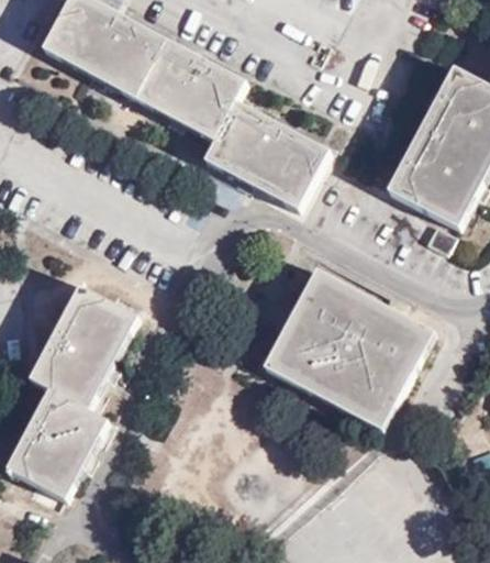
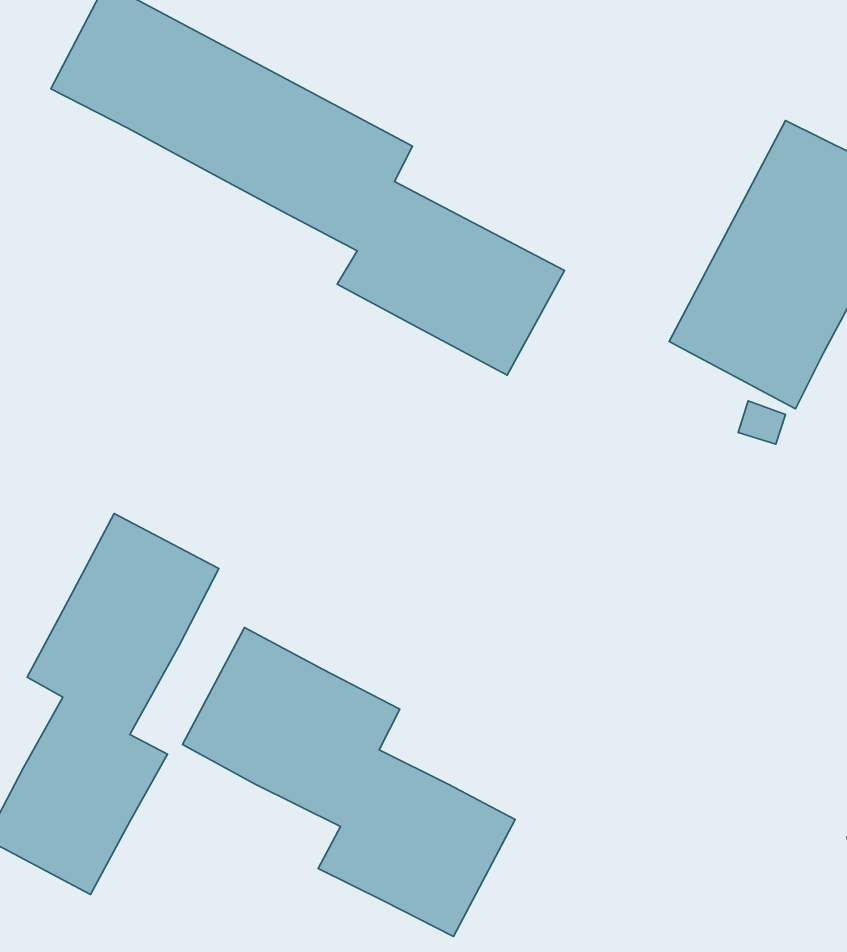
building: [264,268,433,429] -> none
building: none -> [183,628,515,937]

